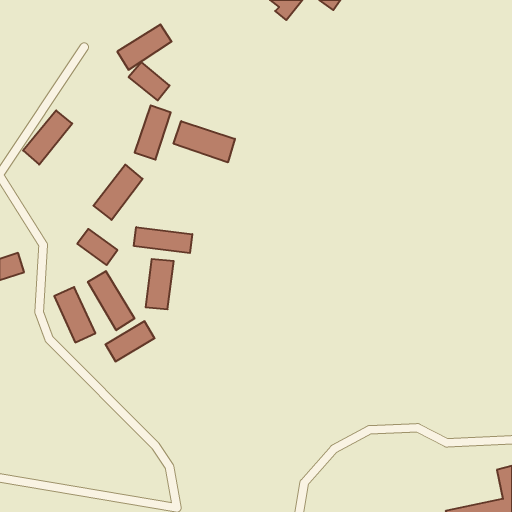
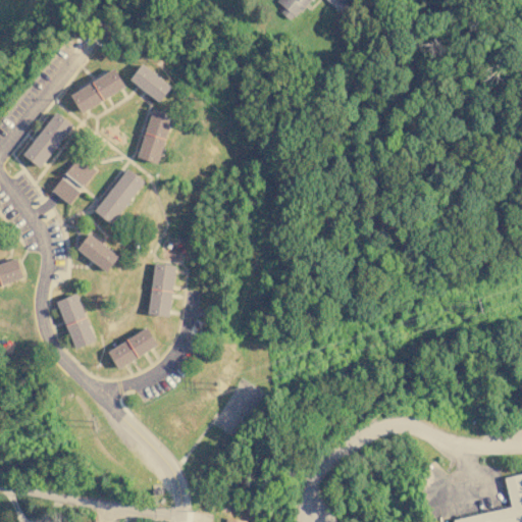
building: [117,24,172,70] -> [70,68,125,114]
building: [174,121,235,162] -> none
building: none -> [52,157,96,205]
building: [134,227,192,253] -> none
building: [88,271,134,330] -> none

